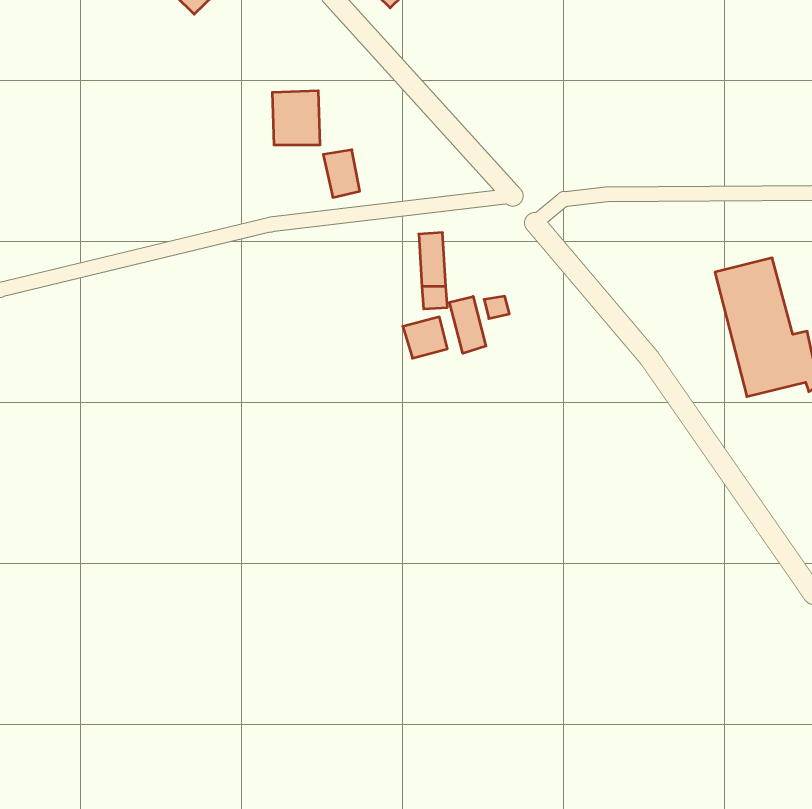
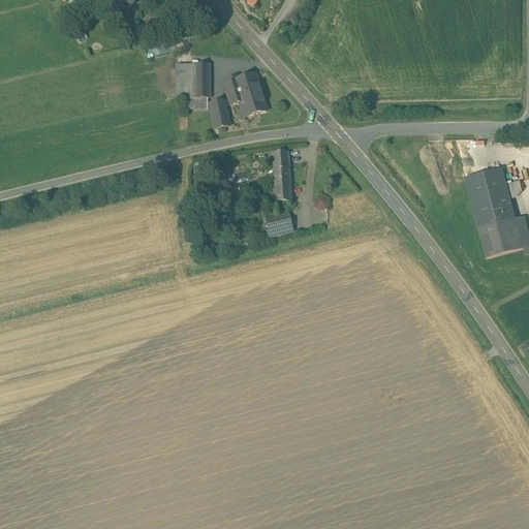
building: none -> [229,68,269,113]
building: [450,296,486,353] -> none

